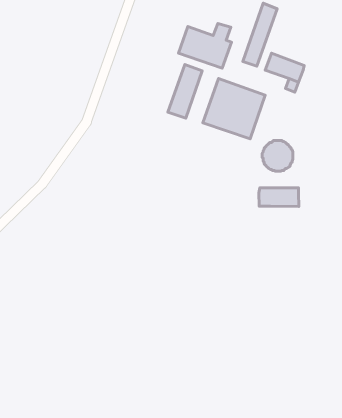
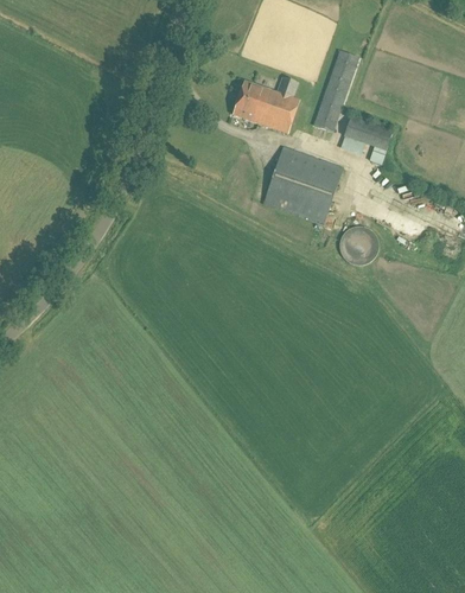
building: [168,65,202,118] -> none
building: [259,188,299,207] -> none

